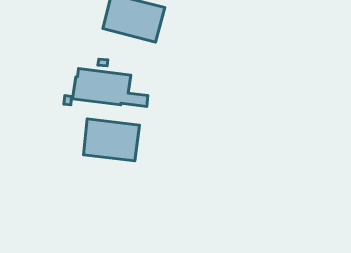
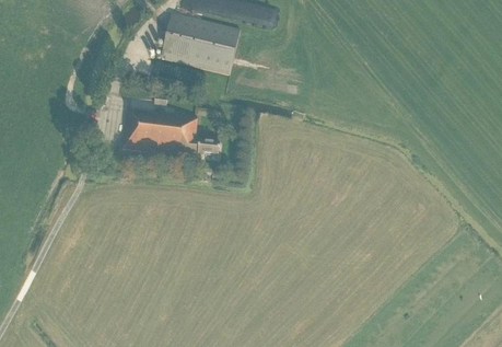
building: [83,119,140,161] -> none

